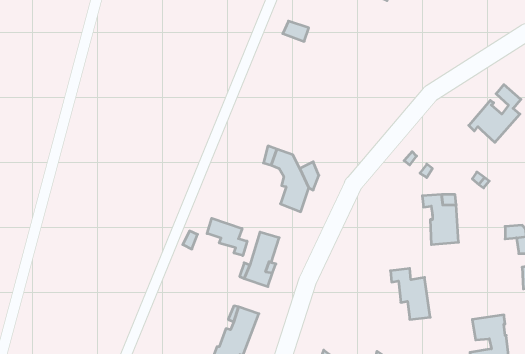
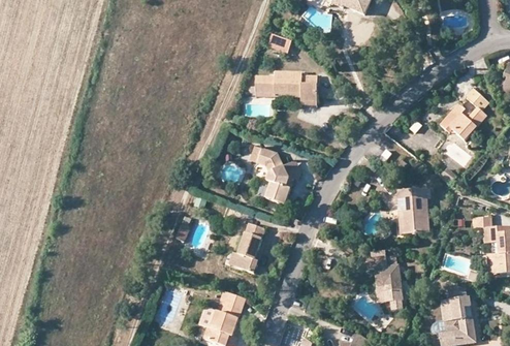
building: none -> [254,71,315,102]
building: [207,218,247,256] -> none

